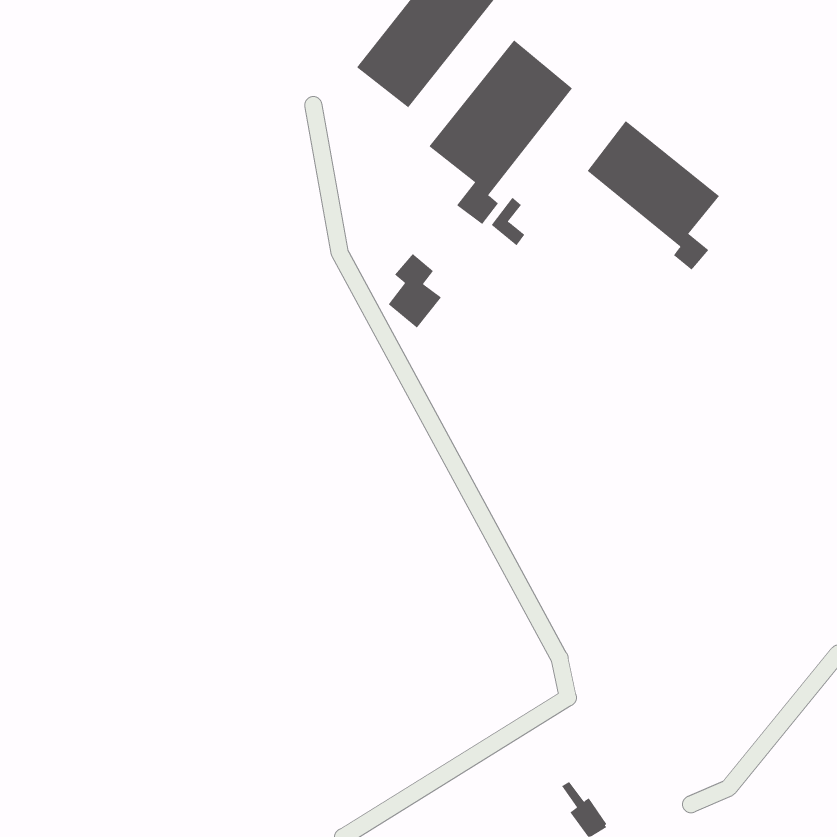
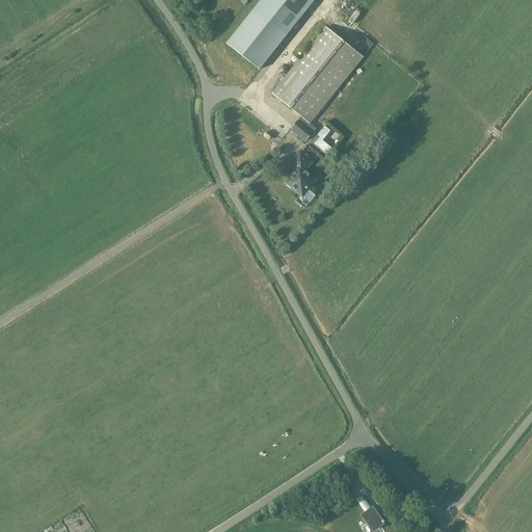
building: [587,120,720,271] -> none
building: [388,253,442,329] -> [285,150,319,197]

